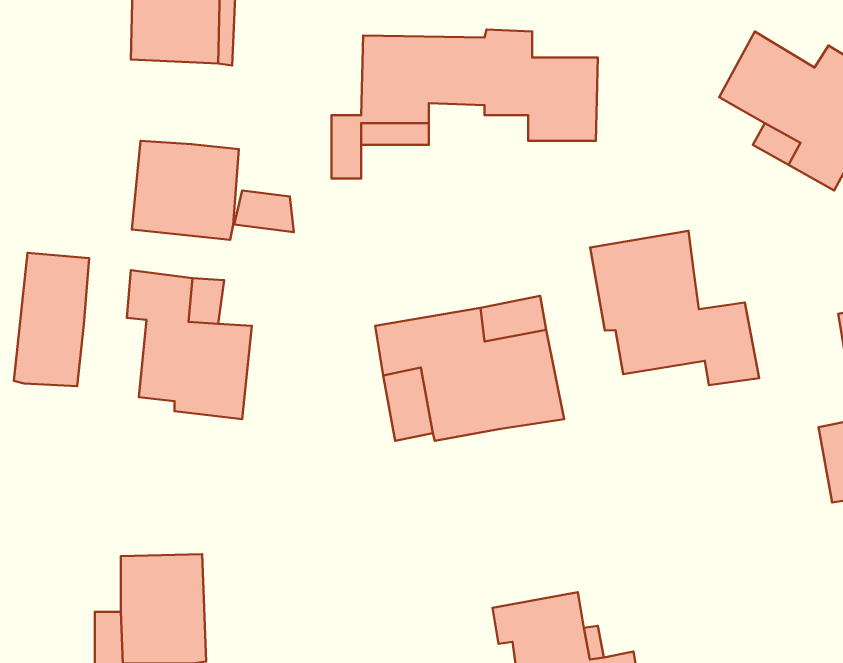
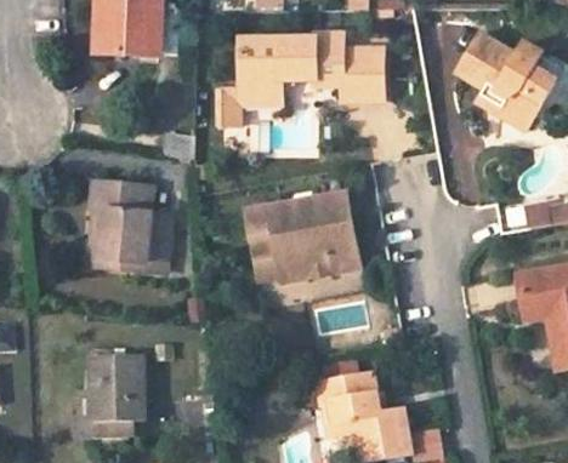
building: [132,141,239,240] -> none
building: [590,231,759,385] -> none
building: [14,253,89,386] -> none

